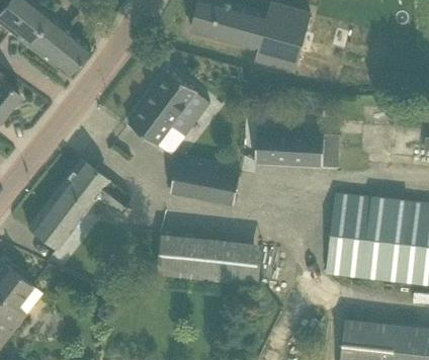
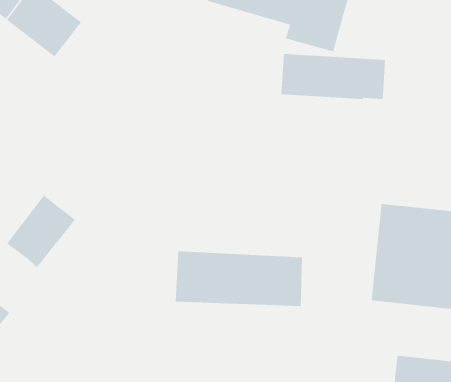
building: [127,71,208,156] -> none
building: [254,130,340,168] -> [281,53,386,99]
building: [57,160,127,214] -> none
building: [169,160,239,205] -> none

